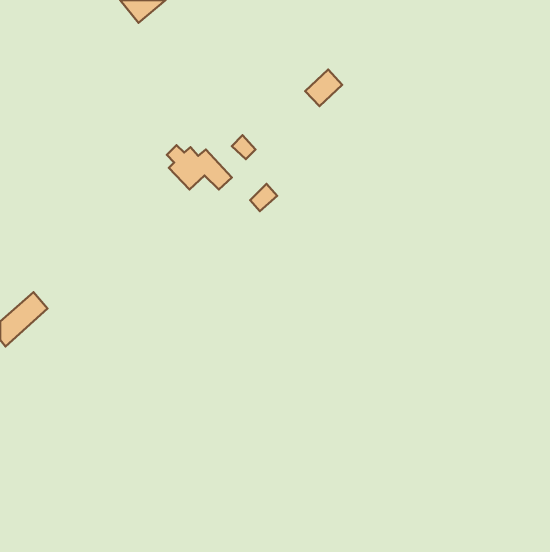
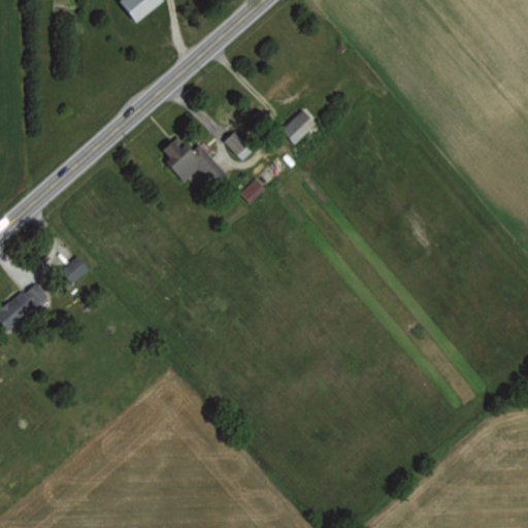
building: [305,70,342,106] -> [282,108,317,143]
building: none -> [58,256,90,288]

